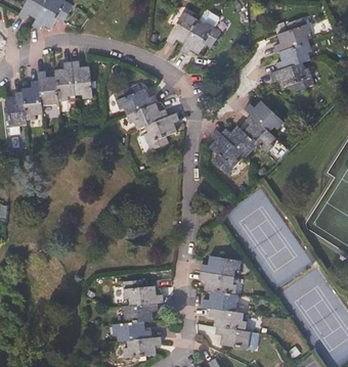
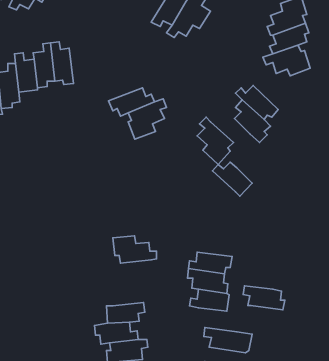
building: [113,86,158,114] -> none
building: [220,126,257,157] -> [213,162,252,196]
building: [122,280,163,306] -> [113,236,157,263]
building: [208,308,247,330] -> [243,286,285,310]

